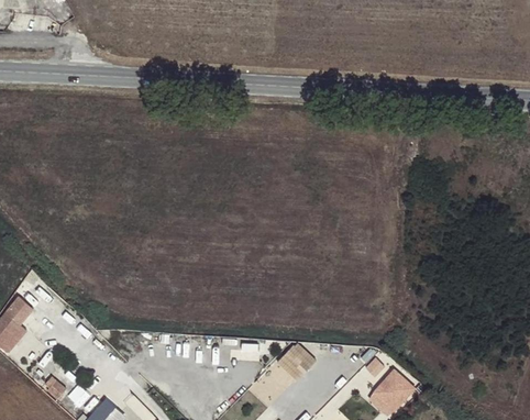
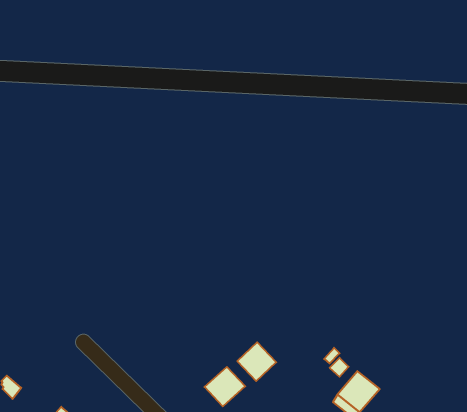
building: none -> [204,367,245,406]

